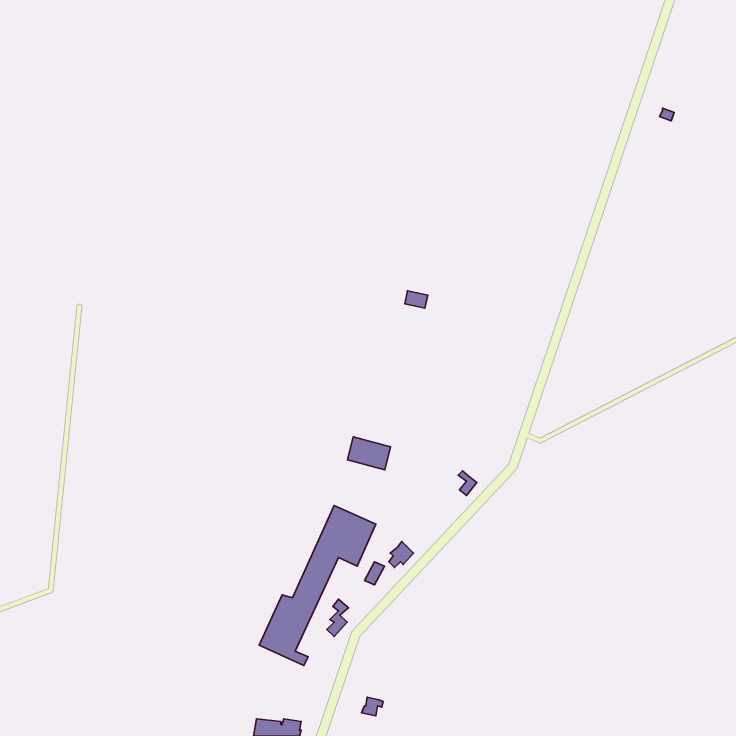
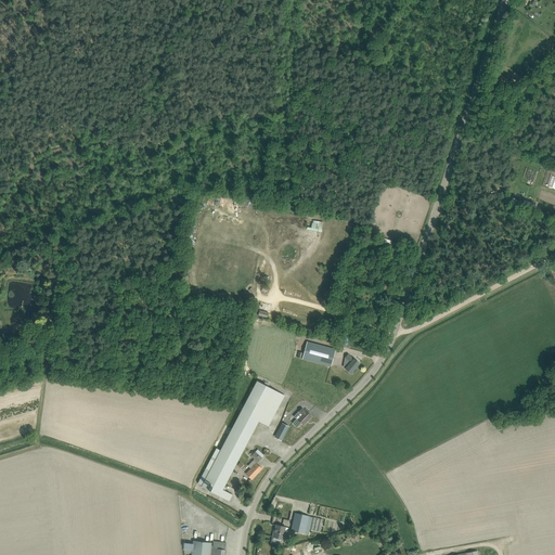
building: [347,437,391,470] -> [302,341,335,366]
building: none -> [291,513,323,533]

